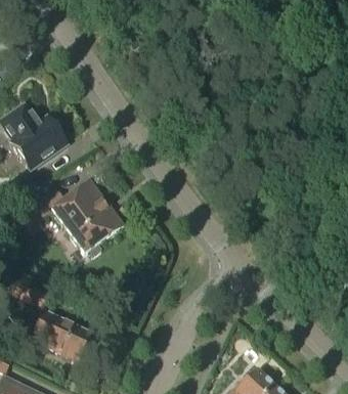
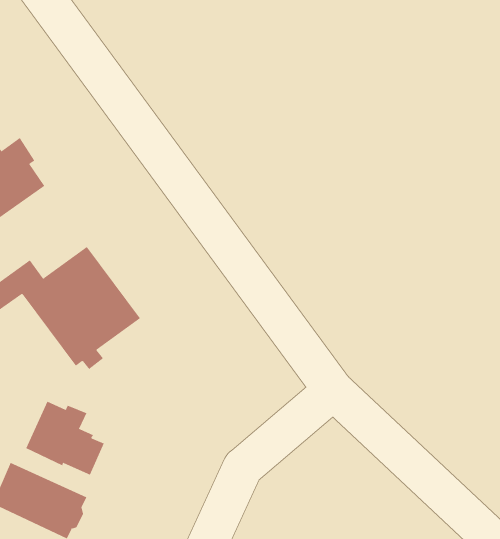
building: none -> [25,401,105,475]

